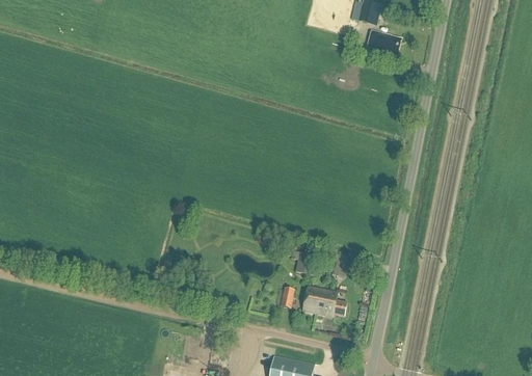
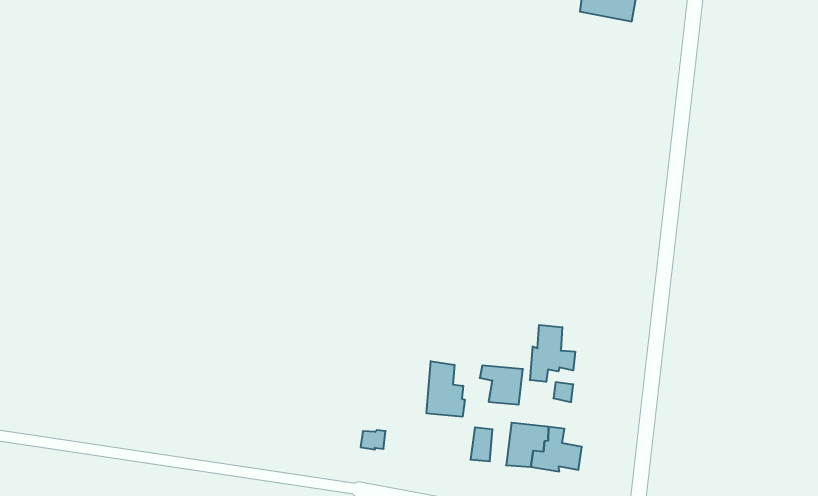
building: none -> [530,325,575,382]
building: none -> [427,361,465,417]

